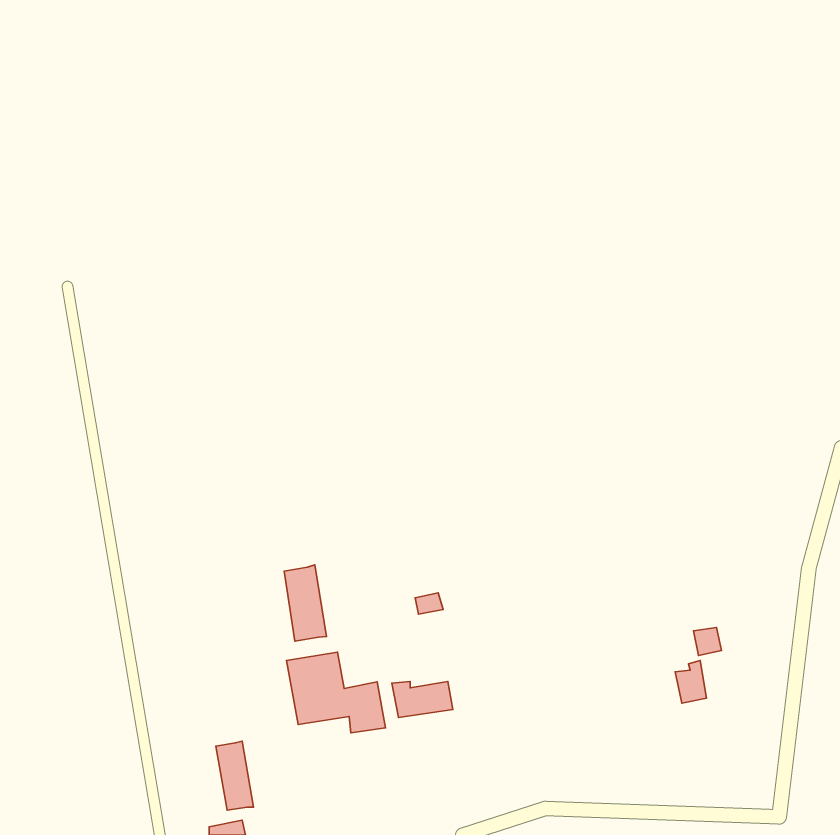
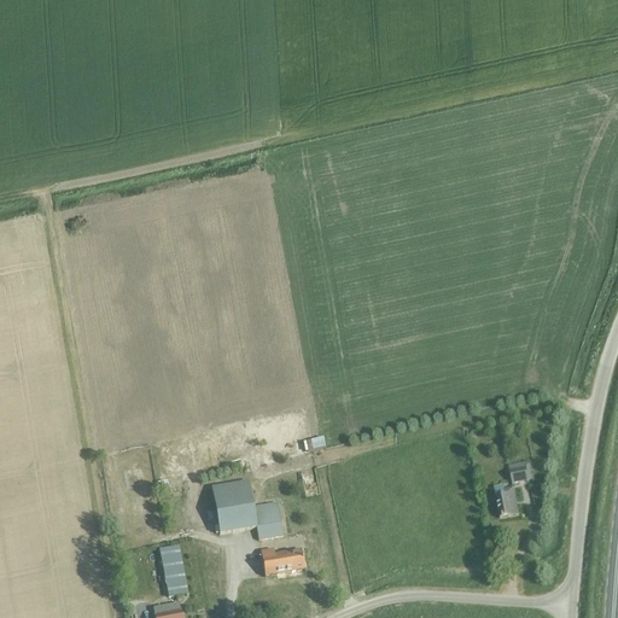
building: [284,565,327,641] -> none
building: [392,681,453,718] -> [261,547,305,573]

